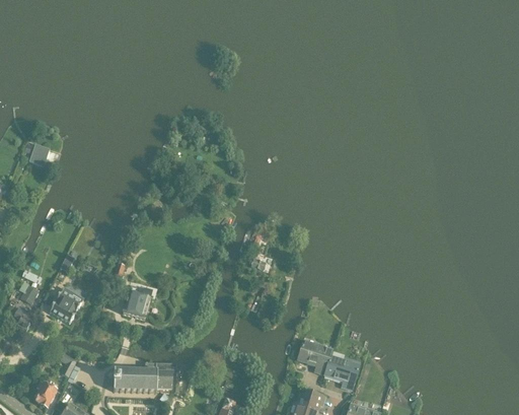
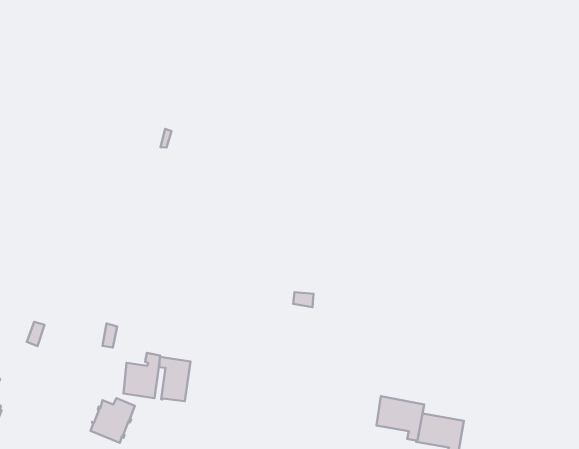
building: [50,290,83,322] -> [91,398,135,443]
building: none -> [159,357,191,401]

